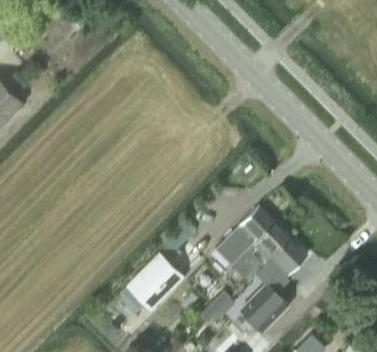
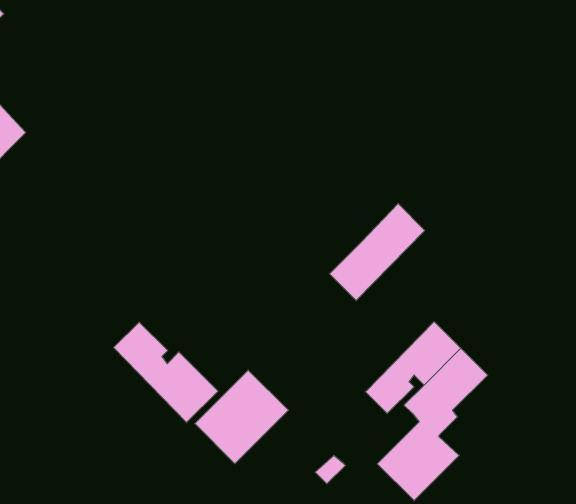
building: [214,206,273,266] -> [329,204,425,301]
building: none -> [114,322,218,423]

